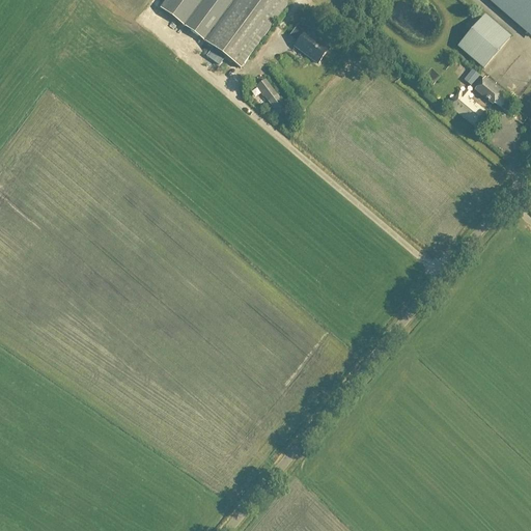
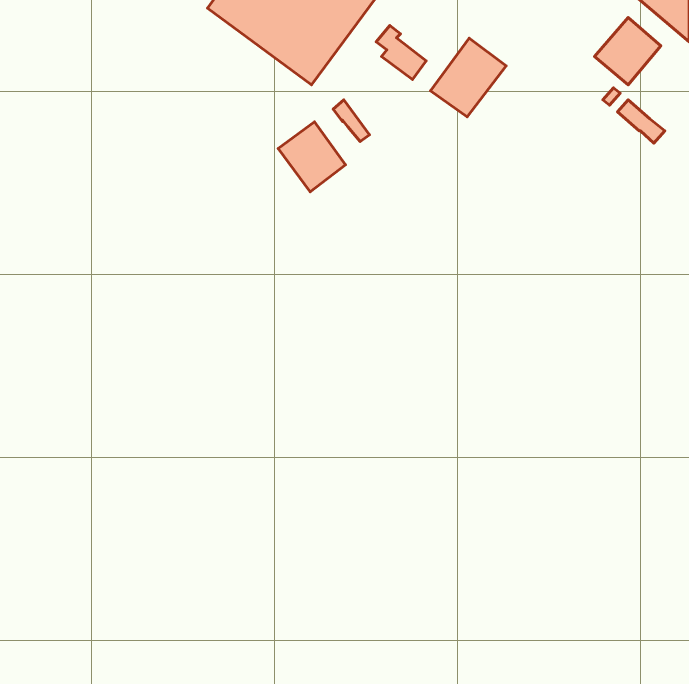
building: none -> [431,38,506,117]
building: [447,87,484,124] -> none
building: none -> [278,122,345,192]

